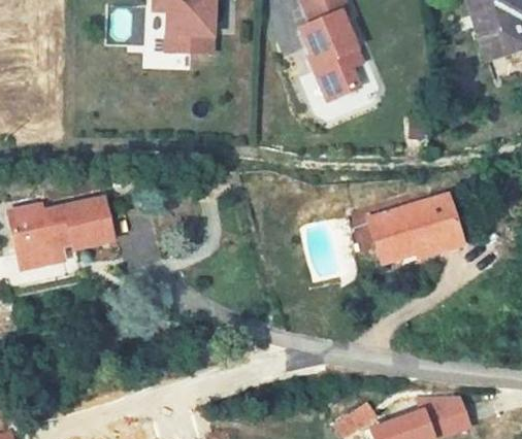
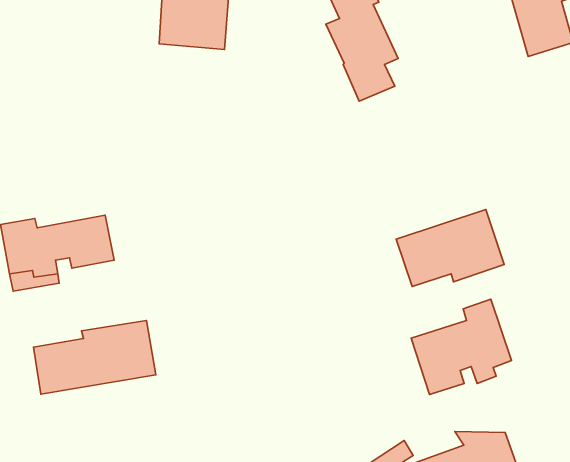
building: none -> [411,299,512,394]
building: none -> [34,320,156,394]

